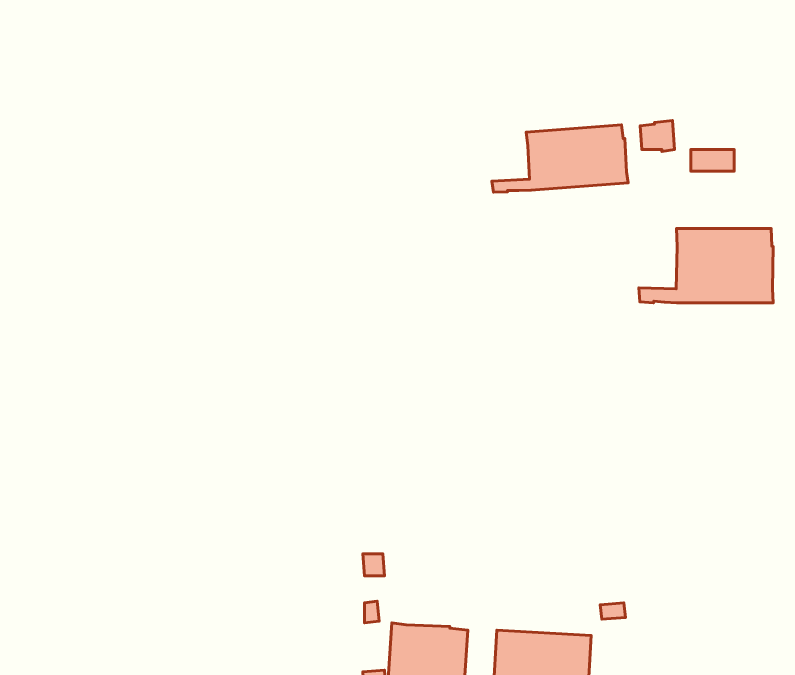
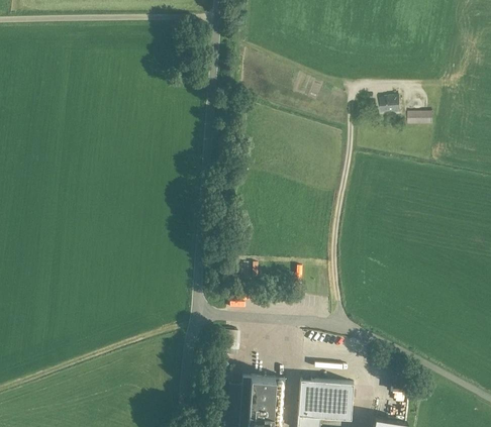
building: [492,125,628,192] -> none
building: [639,229,773,303] -> none

